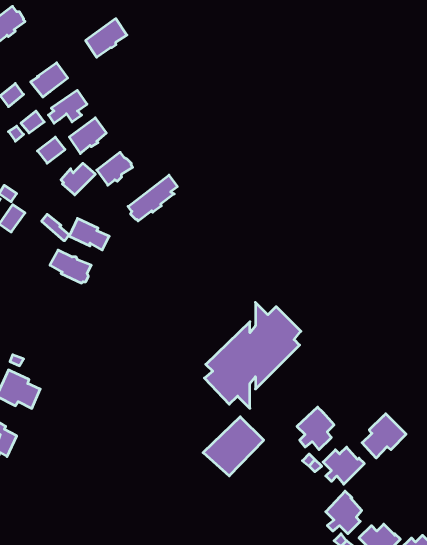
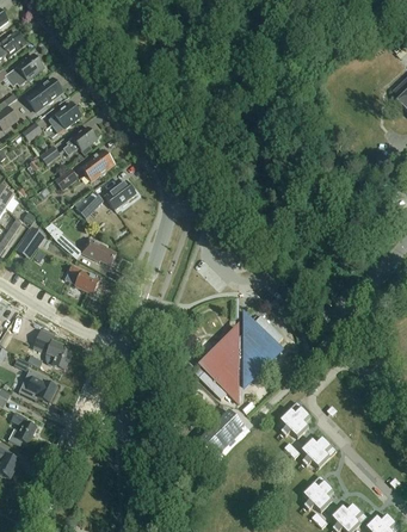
building: [86,19,127,57] -> [26,78,62,111]
building: [128,175,177,221] -> none
building: none -> [35,329,70,369]
building: [362,414,406,458] -> none

